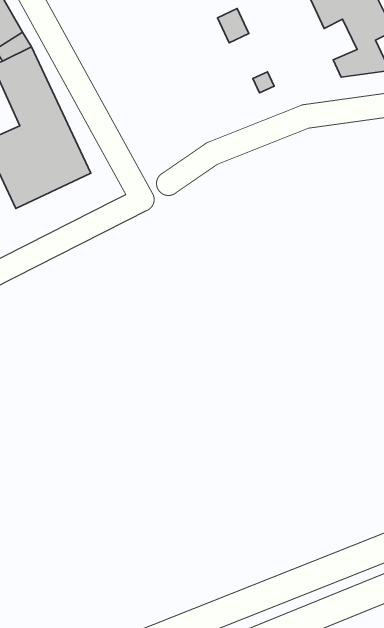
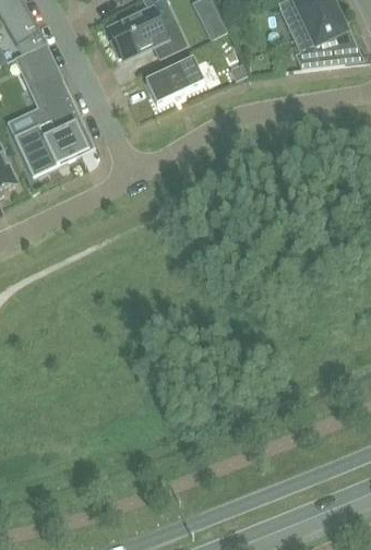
building: none -> [108,7,185,57]
building: none -> [144,56,203,103]

